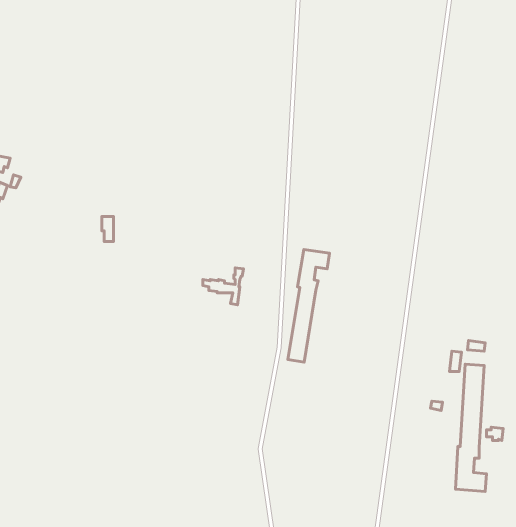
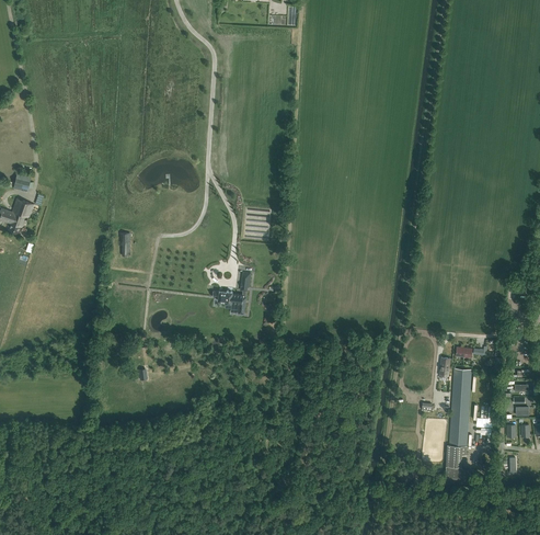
building: [288,249,330,362] -> none

